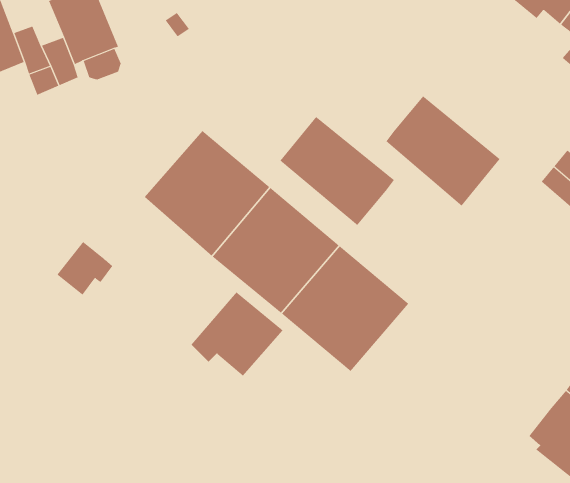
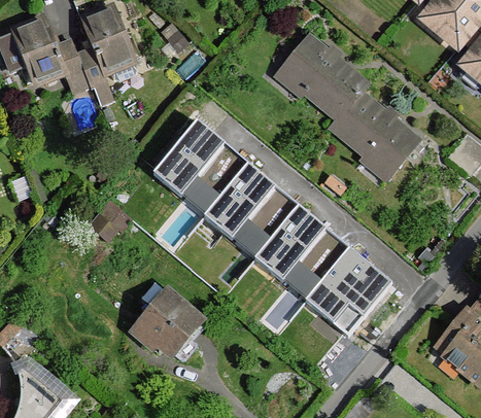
building: [280,116,395,226] -> [280,37,366,118]
building: [190,292,284,376] -> [132,291,201,354]
building: none -> [306,247,394,337]

